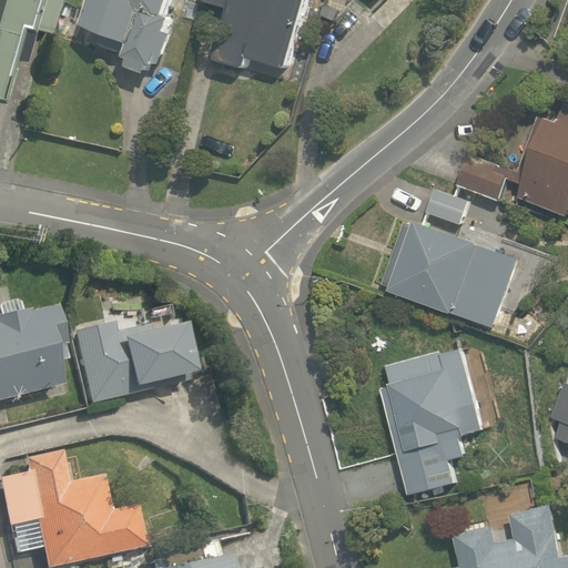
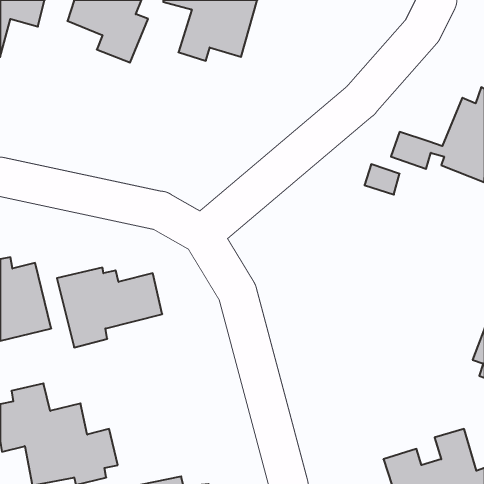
building: [385,216,520,325] -> none
building: [377,358,484,493] -> none

